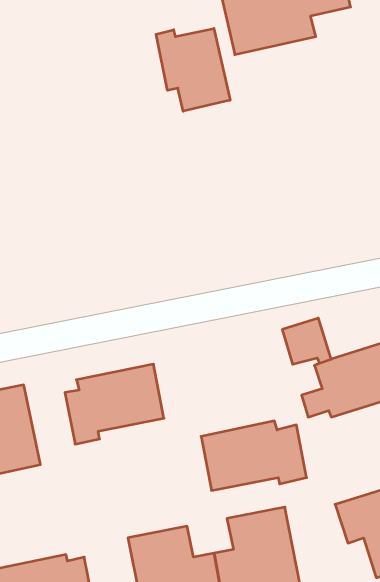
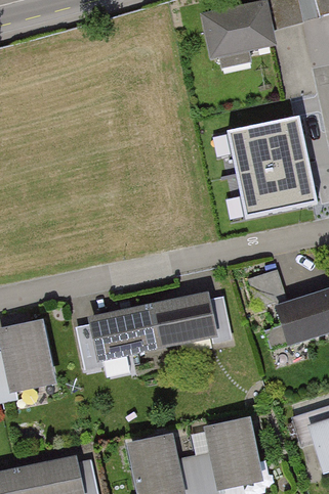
building: [156,28,230,111] -> none
building: none -> [227,114,317,216]
building: [201,421,307,490] -> [147,293,231,348]

